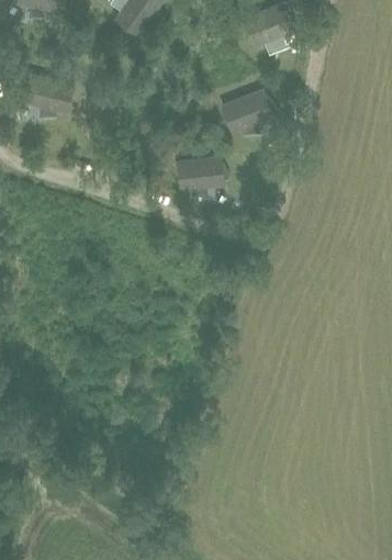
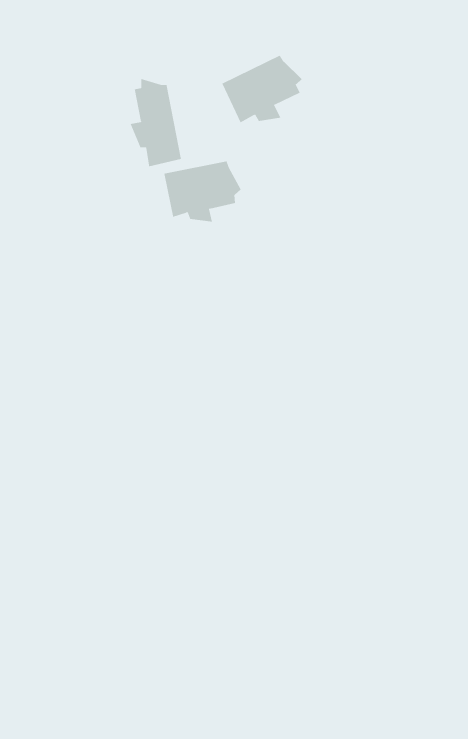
building: none -> [130,78,182,167]

